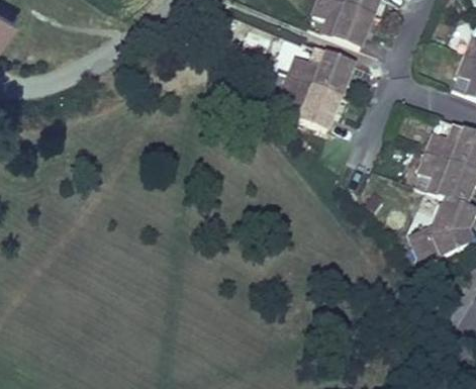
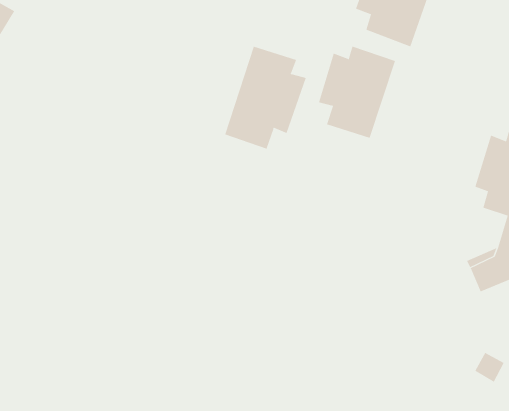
building: none -> [224,46,307,149]

